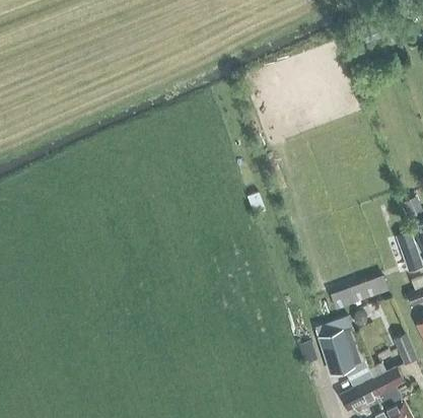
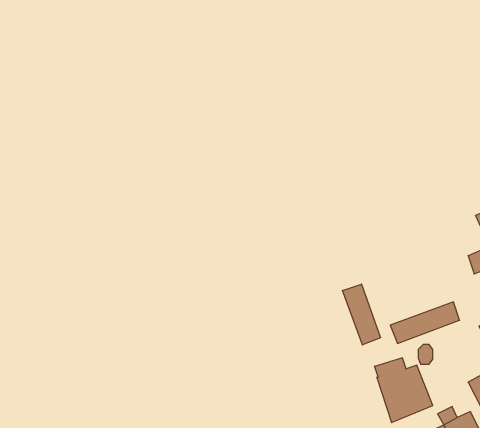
building: none -> [343,284,381,345]

